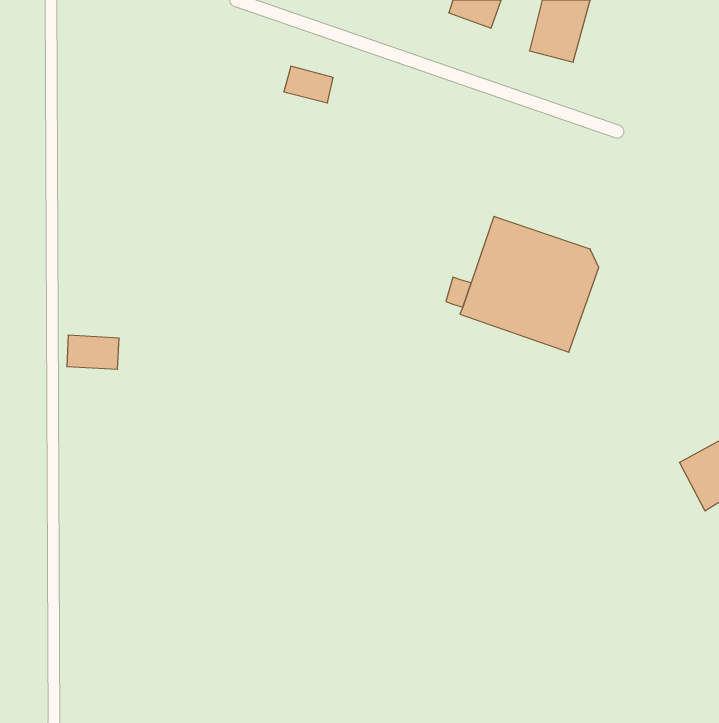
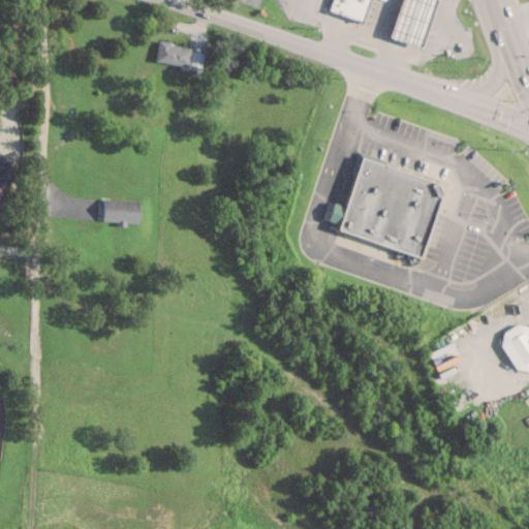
building: [284,66,333,103] -> [155,40,191,67]
building: [67,335,119,369] -> [101,198,139,223]

